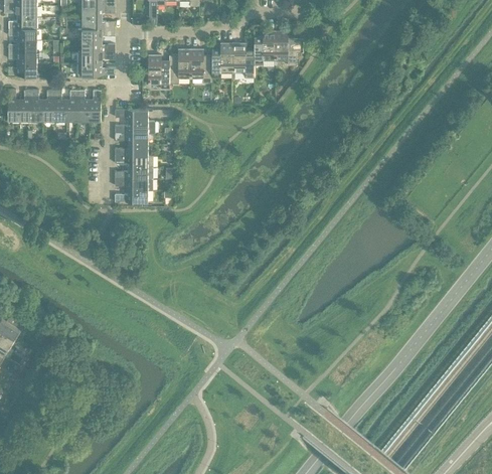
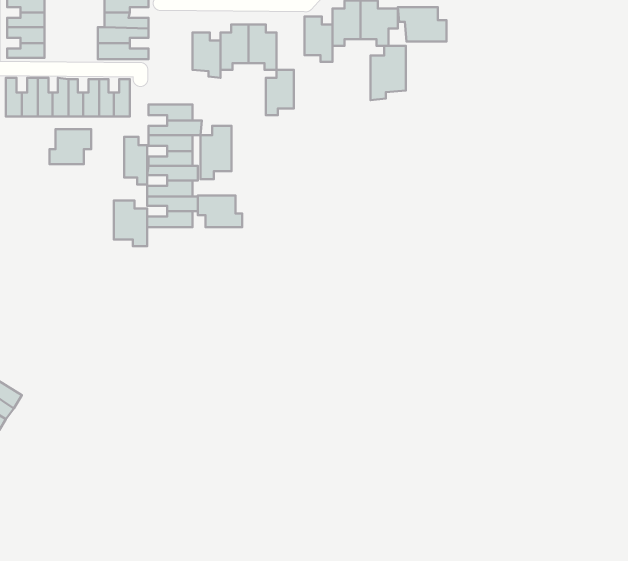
building: none -> [398,7,447,42]
building: [211,42,232,76] -> [266,70,294,115]
building: none -> [371,46,406,100]
building: none -> [200,126,231,179]
building: none -> [49,129,91,164]
building: none -> [124,137,147,185]
building: none -> [198,195,242,227]
building: none -> [114,200,147,246]

